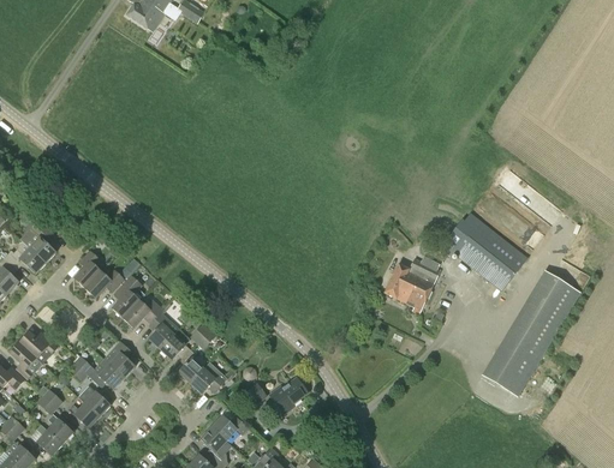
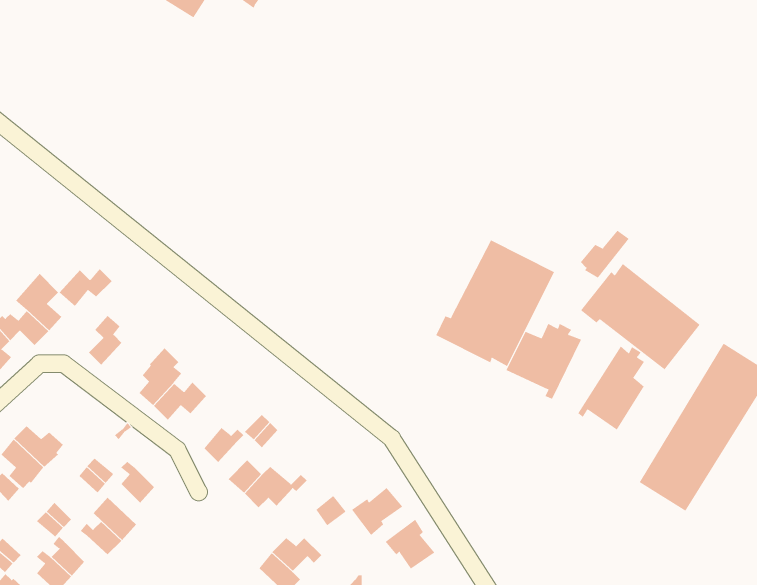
building: none -> [580,230,630,279]
building: none -> [435,240,555,367]
building: [84,269,124,298] -> [59,268,112,307]
building: none -> [578,345,645,431]
building: [148,311,173,348] -> none
building: [103,341,135,377] -> none
building: none -> [385,519,435,570]

